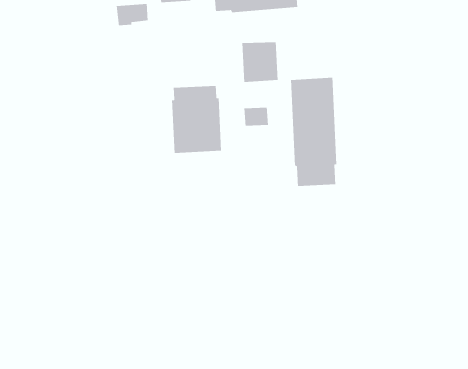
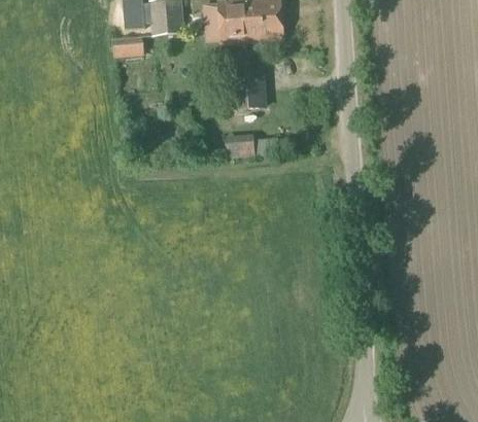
building: [290,77,337,187] -> none
building: [171,85,222,154] -> none

